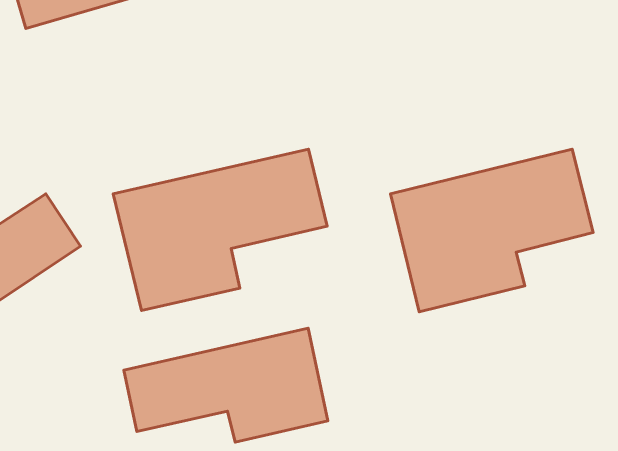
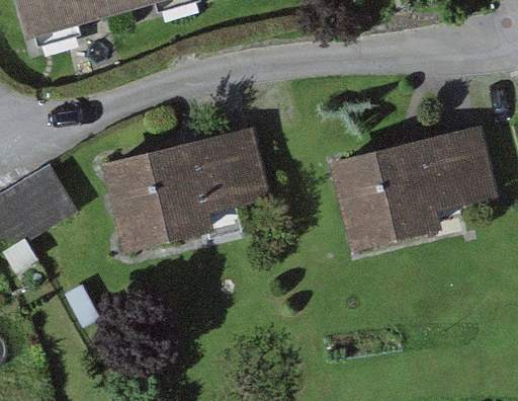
building: [124,328,328,442] -> none

